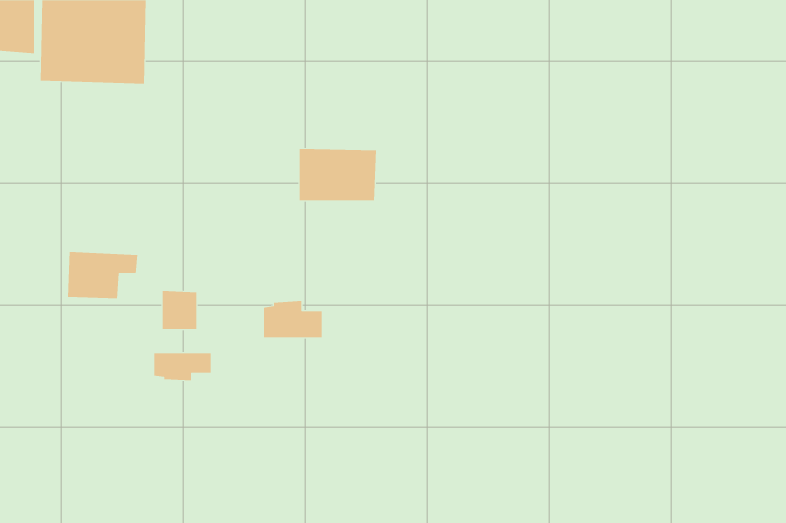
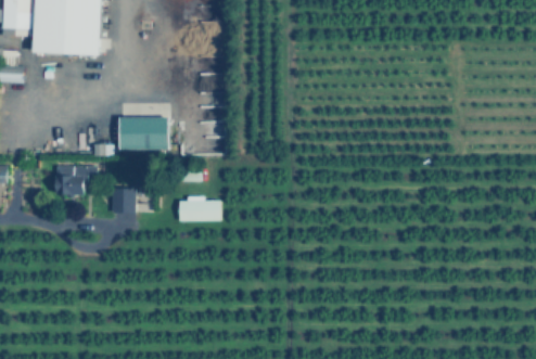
building: [299,149,377,201] -> [123,116,173,150]
building: [154,352,211,381] -> none

